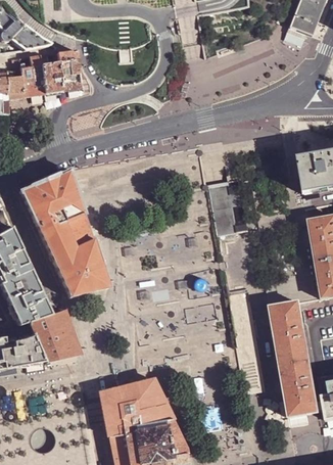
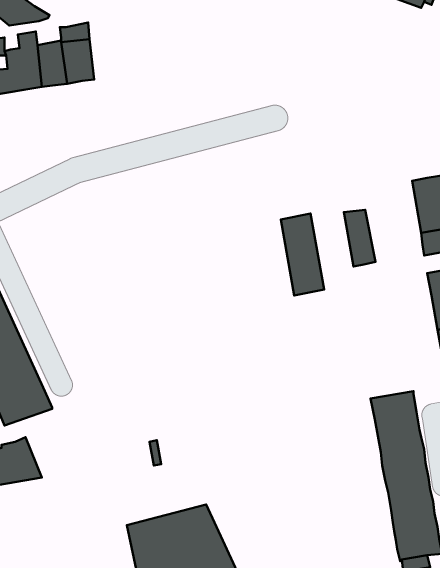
building: [19,167,109,295] -> none
building: none -> [344,210,376,266]
building: [28,308,80,361] -> none

